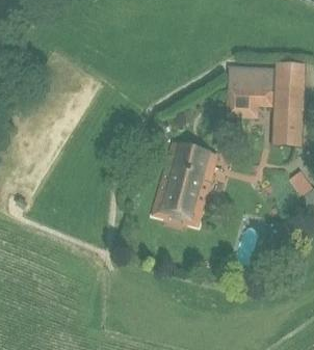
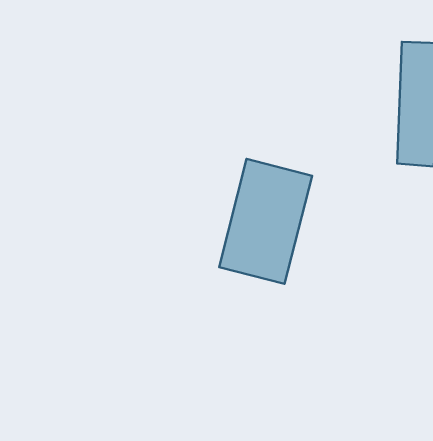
building: [227,66,274,117] -> none

